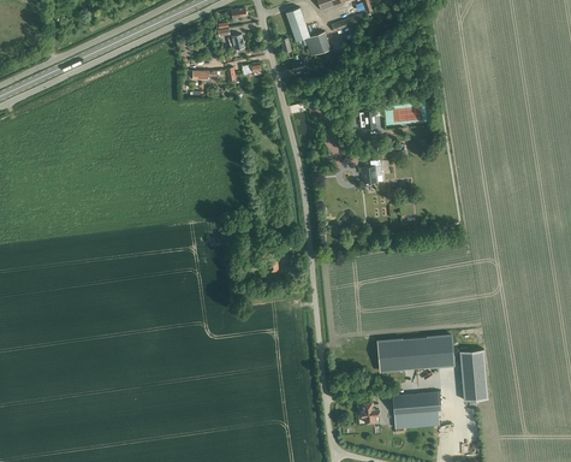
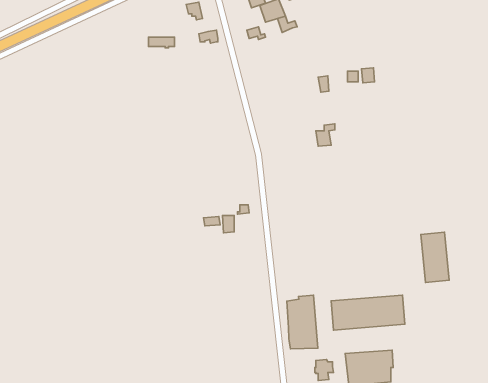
building: none -> [287,295,318,349]
building: [459,349,488,401] -> [421,232,449,282]

